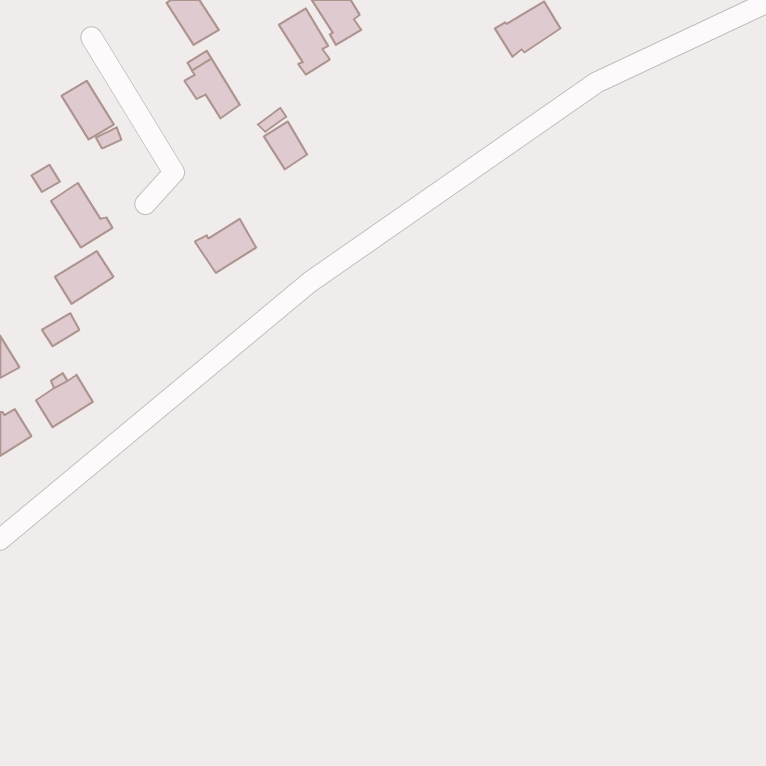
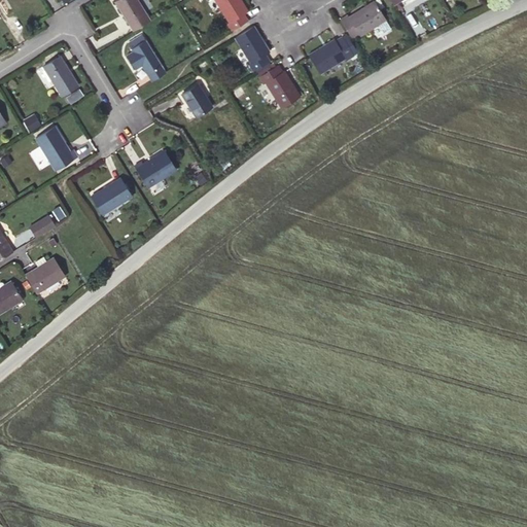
building: [279,8,330,74] -> [235,26,270,71]
building: none -> [308,37,353,73]
building: none -> [258,65,300,108]
building: [55,251,113,304] -> [91,178,131,214]

